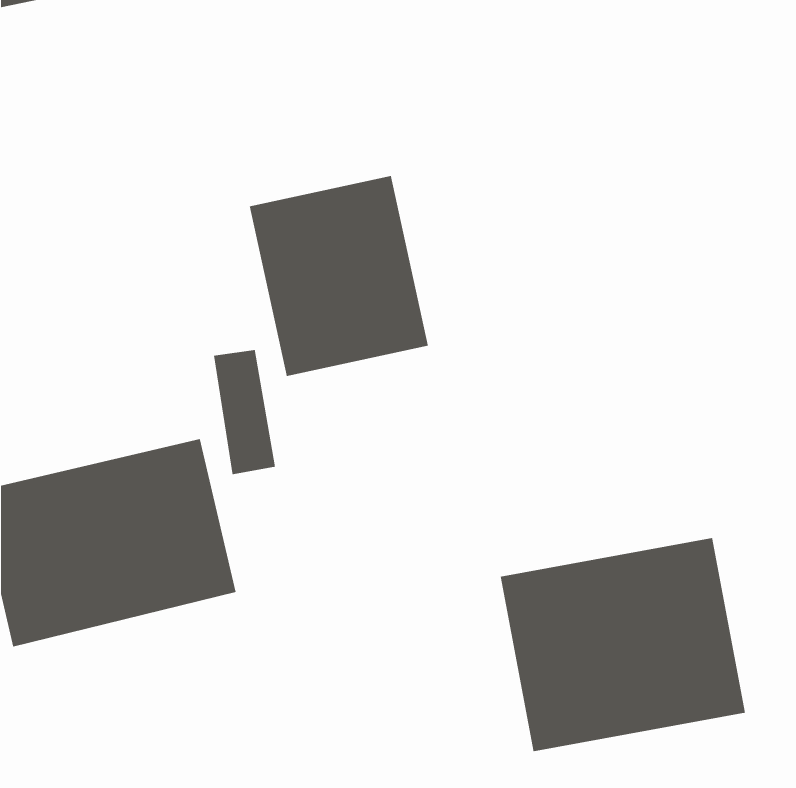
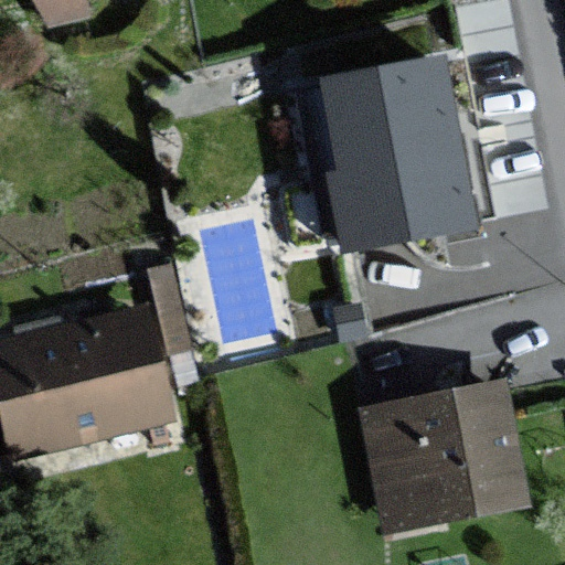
building: none -> [311,52,483,257]
building: [249,175,429,377] -> none

